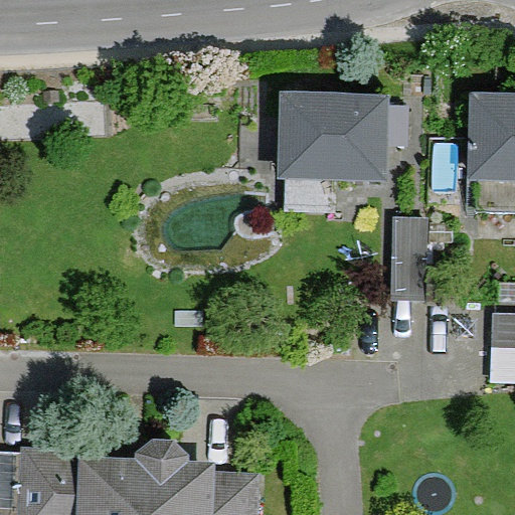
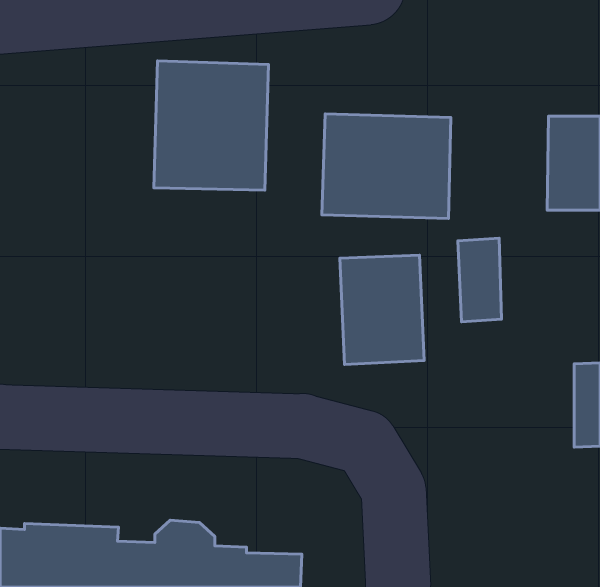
building: none -> [154,61,268,190]
building: none -> [340,255,424,365]

